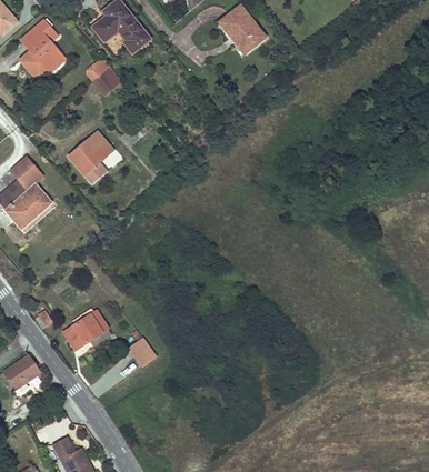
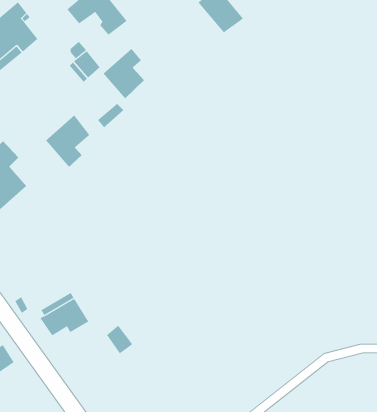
building: none -> [103,48,145,99]

